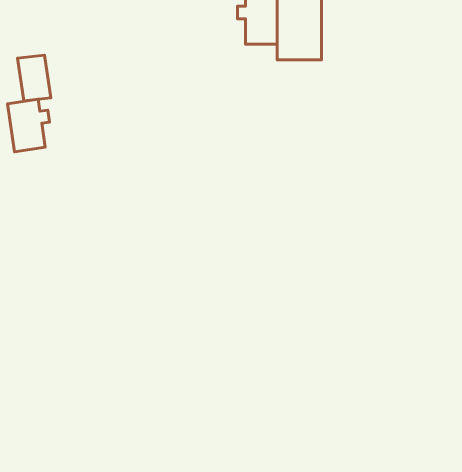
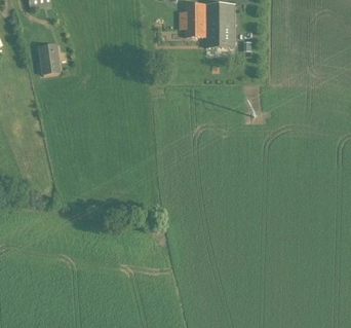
building: [7,99,49,152] -> none

